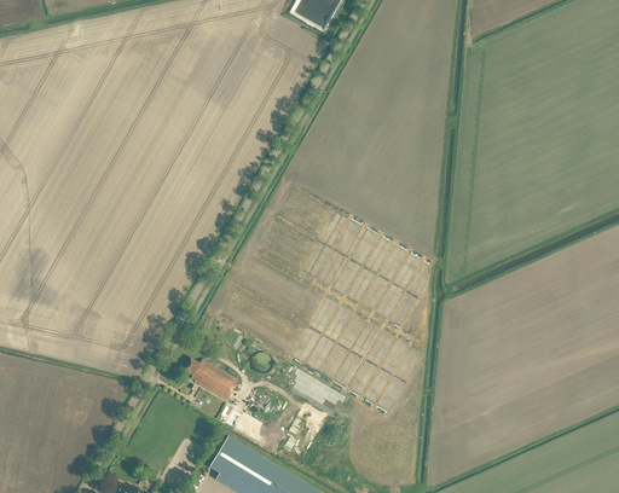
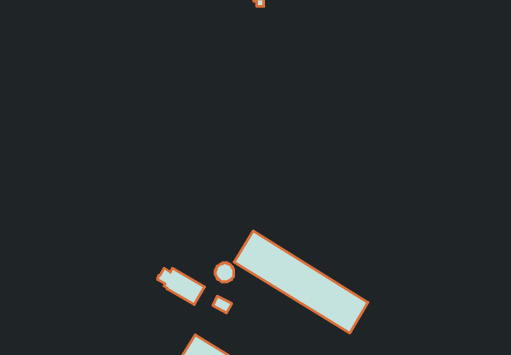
building: none -> [234,231,368,333]

